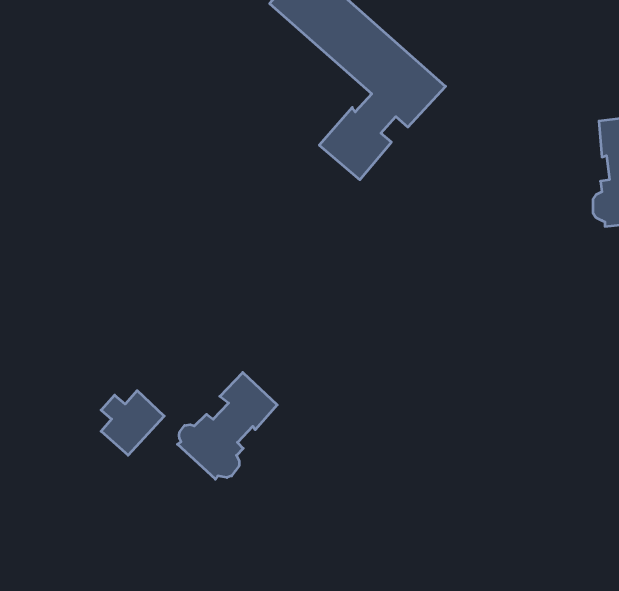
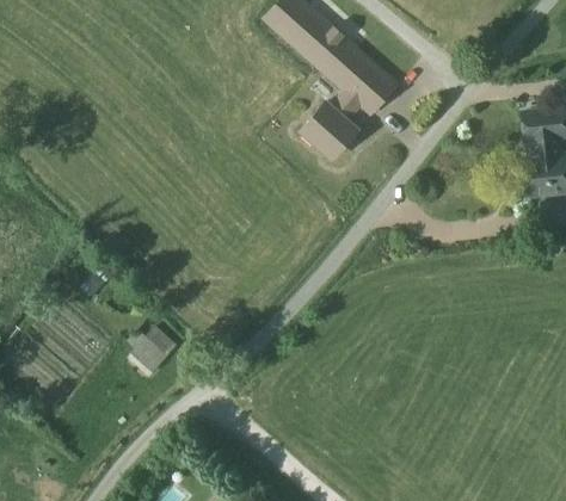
building: [177,372,277,479] -> none

